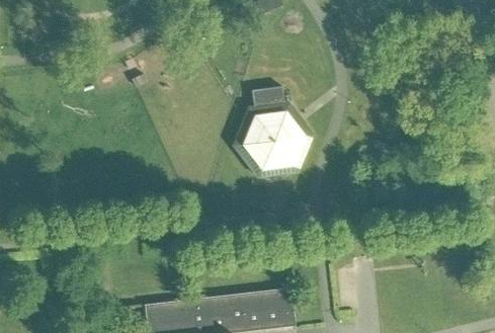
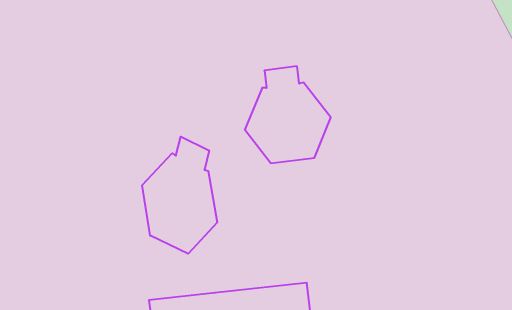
building: none -> [142,137,217,254]

